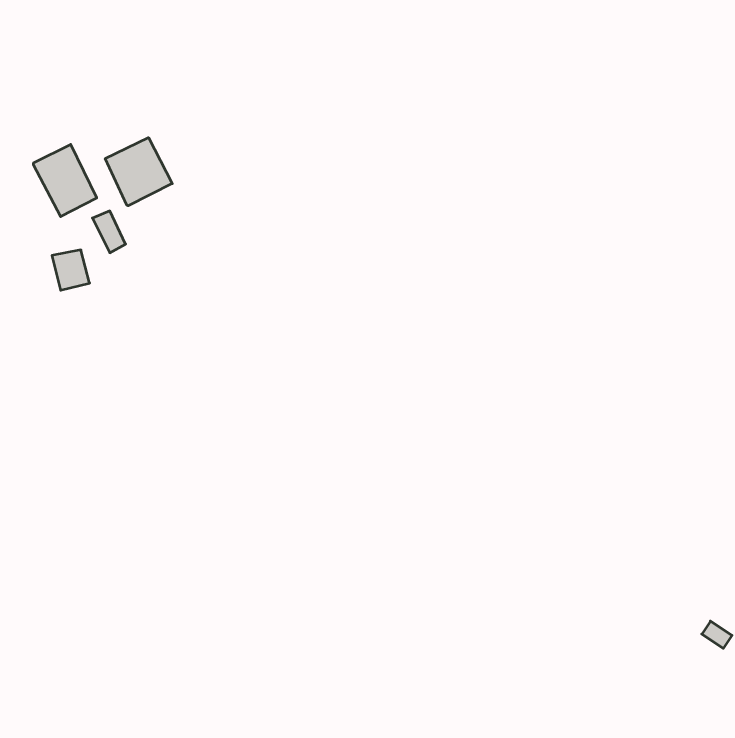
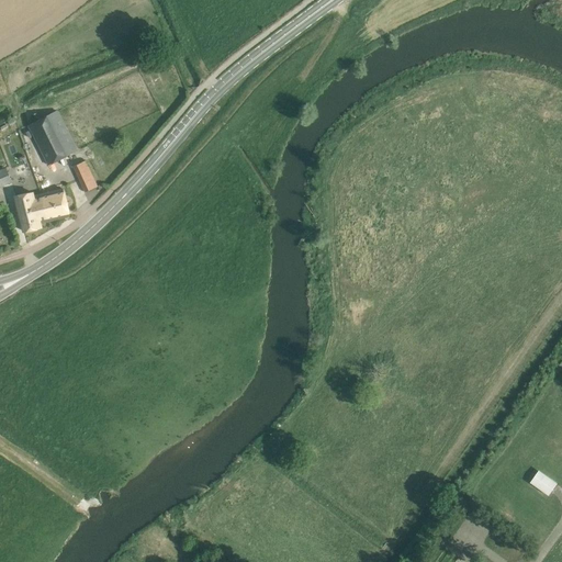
building: [105,138,172,206] -> none
building: none -> [13,192,46,232]

